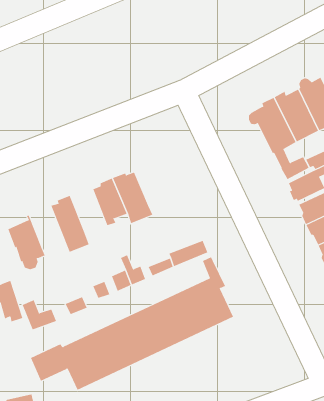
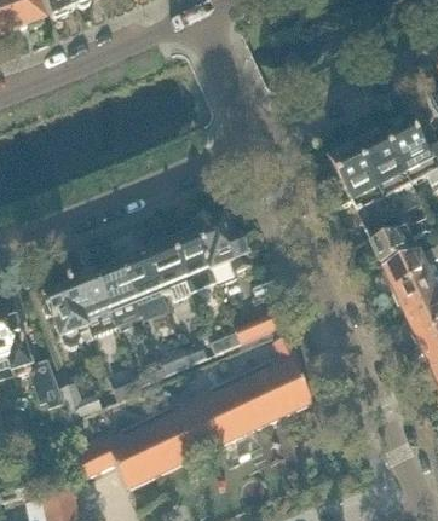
building: none -> [191,215,250,272]
building: none -> [117,251,161,301]
building: none -> [69,271,116,336]

